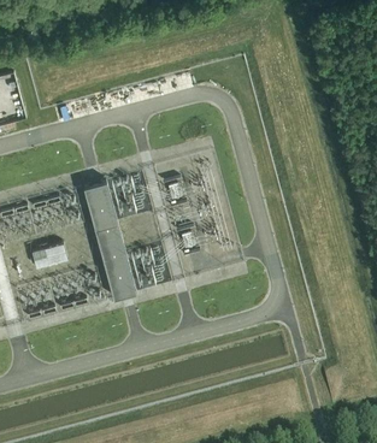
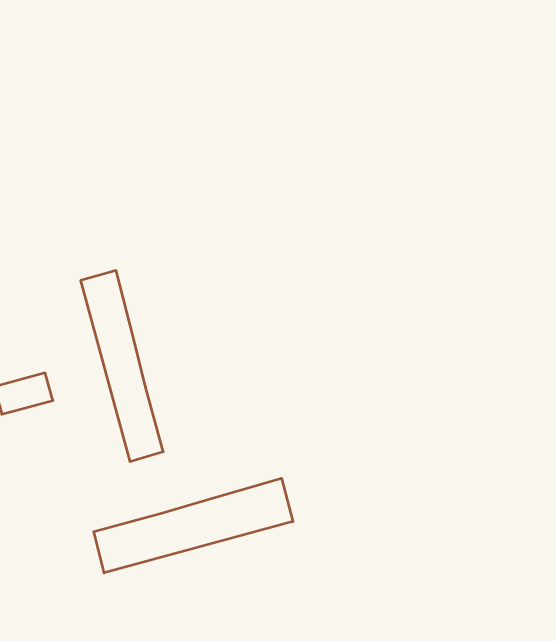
building: none -> [94,478,293,573]

